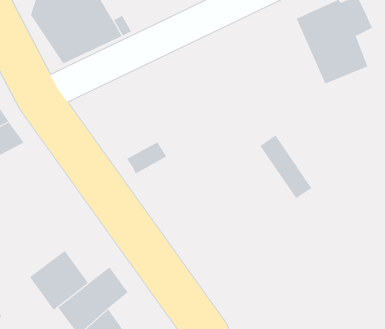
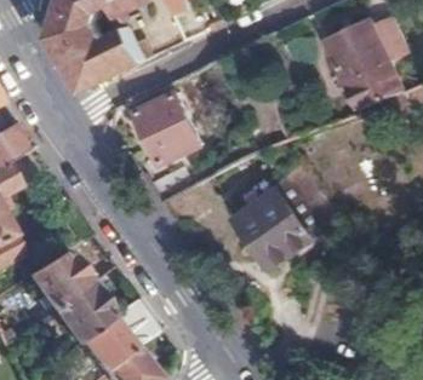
building: none -> [137,91,204,163]
building: none -> [236,189,311,267]
building: none -> [25,249,87,309]

